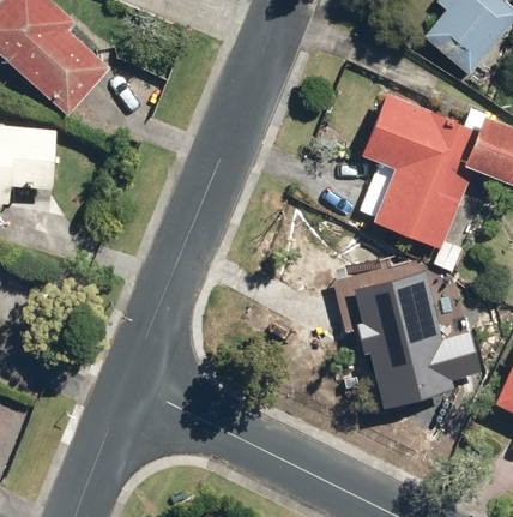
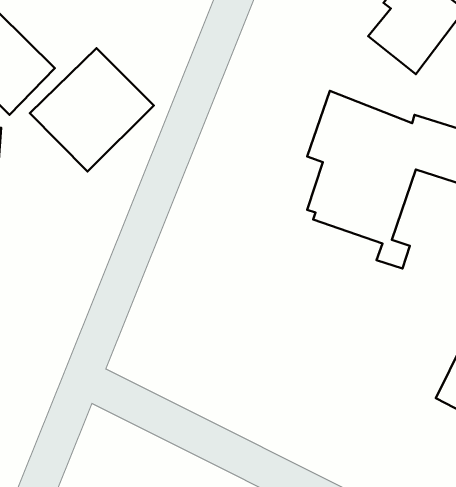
building: none -> [30,48,154,172]
building: [348,270,454,409] -> none

